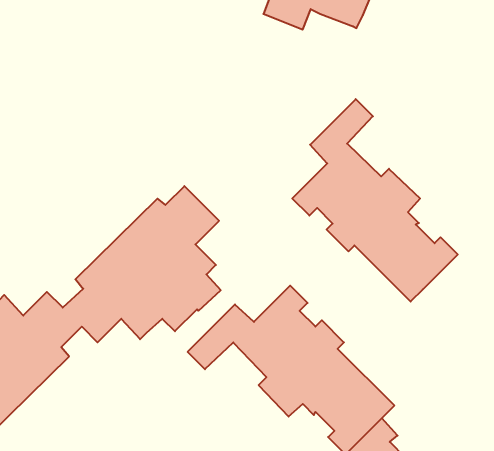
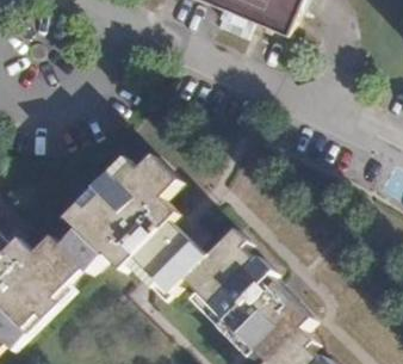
building: [292,99,458,302] -> none

